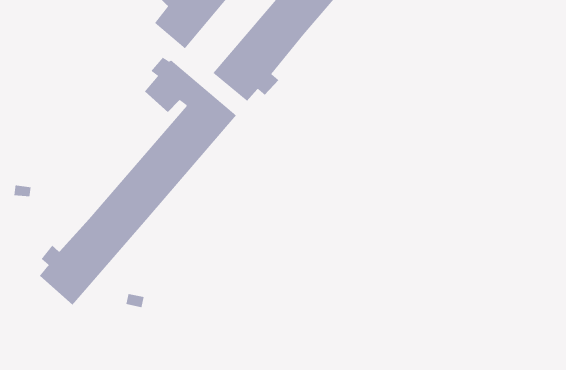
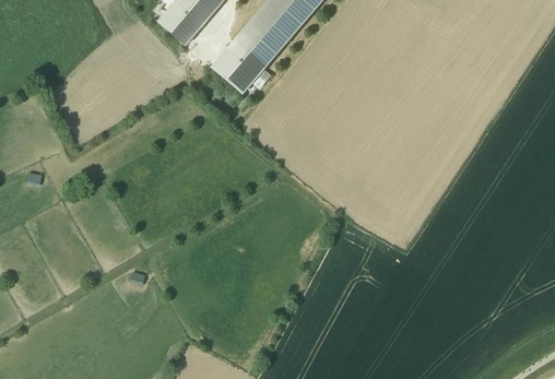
building: [39,57,237,305] -> none

